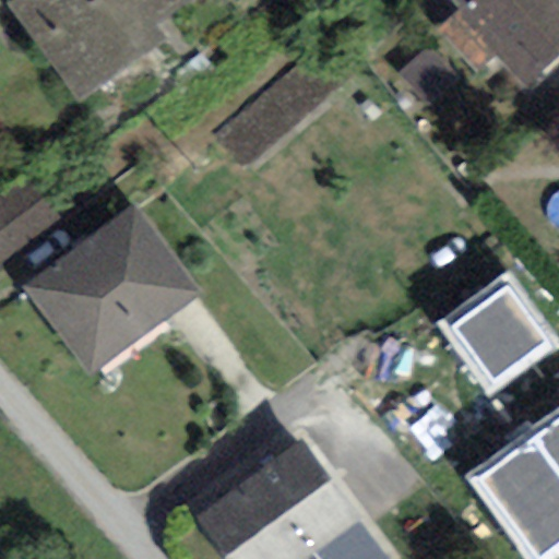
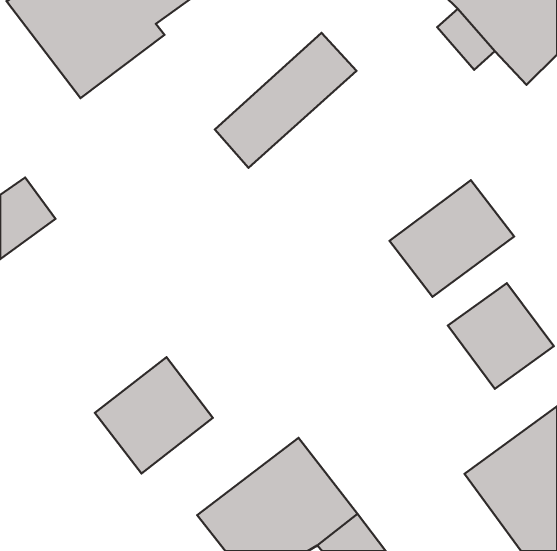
building: none -> [389,180,514,297]
building: [25,202,199,370] -> none
building: none -> [95,357,213,473]

